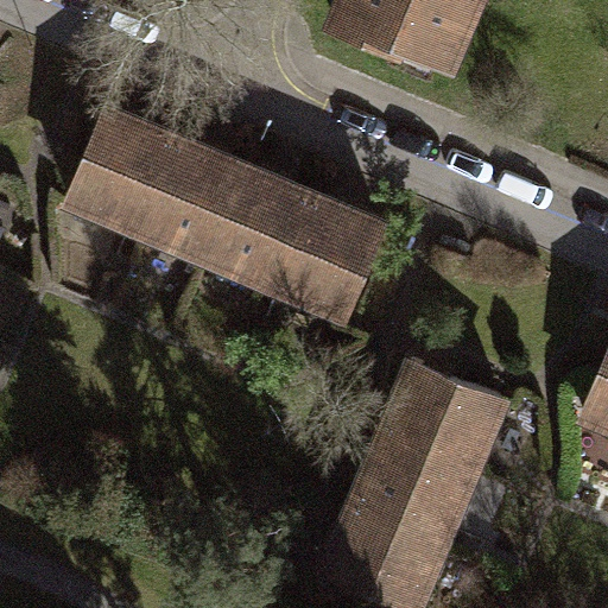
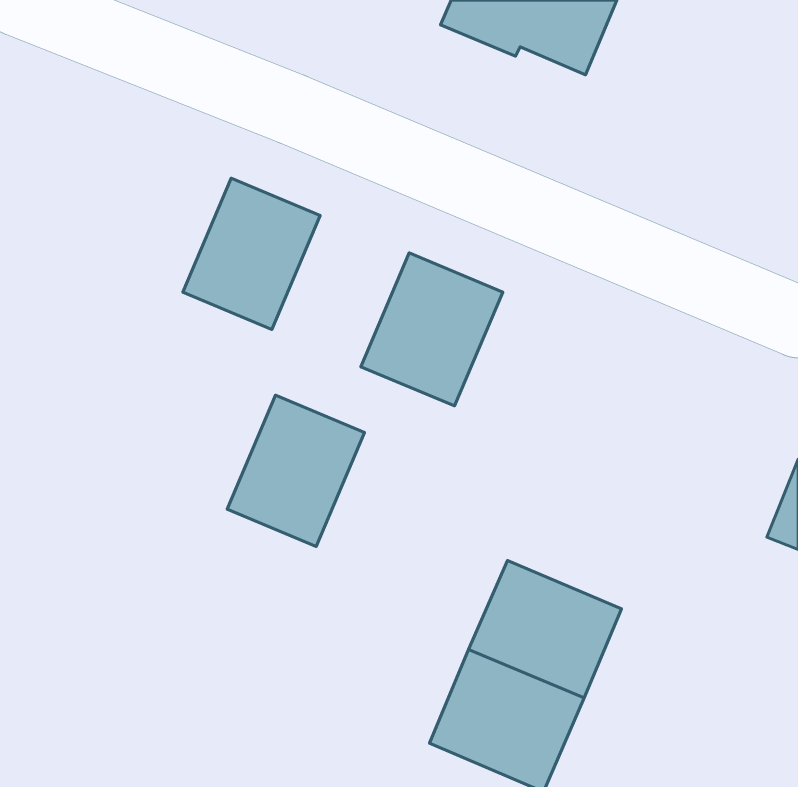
building: [68,113,176,230] -> none
building: [207,172,311,287] -> [227,395,364,547]
building: [386,363,504,471] -> none

